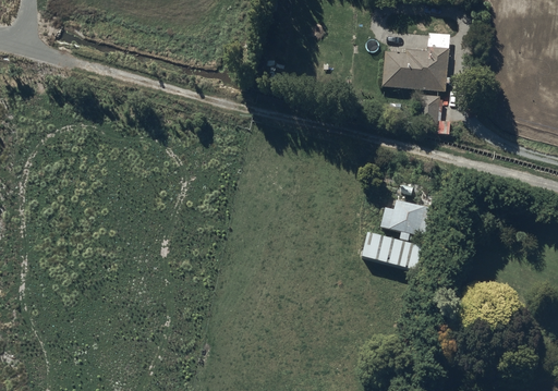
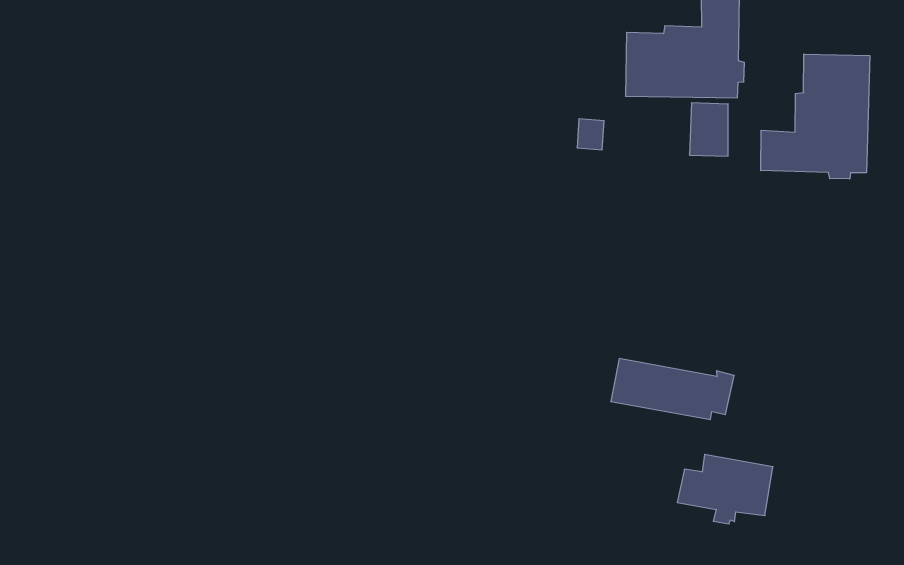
building: none -> [761,54,870,179]
building: [379,198,435,239] -> [677,454,773,524]

